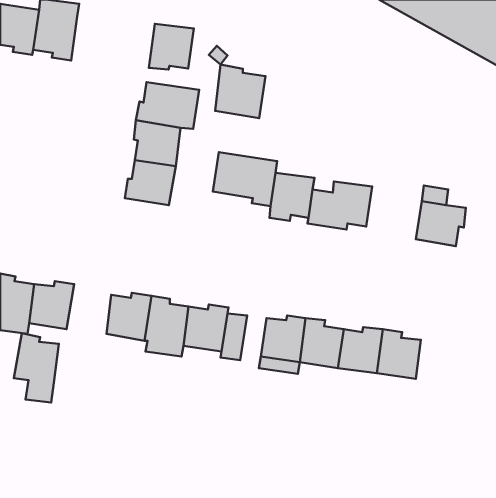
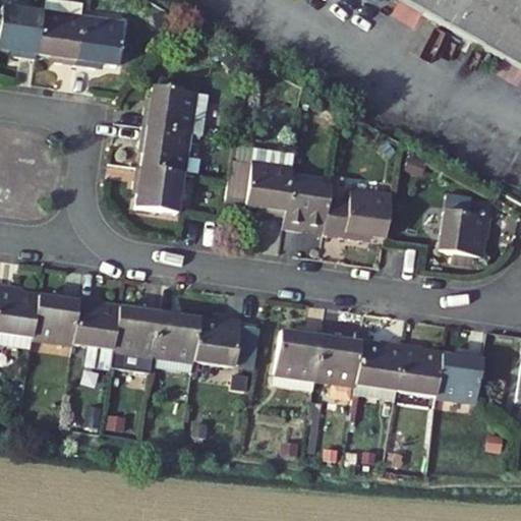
building: [149,24,194,70] -> [77,17,124,65]
building: [215,64,265,118] -> none
building: [14,333,59,402] -> [72,296,119,368]
building: none -> [437,352,483,401]

